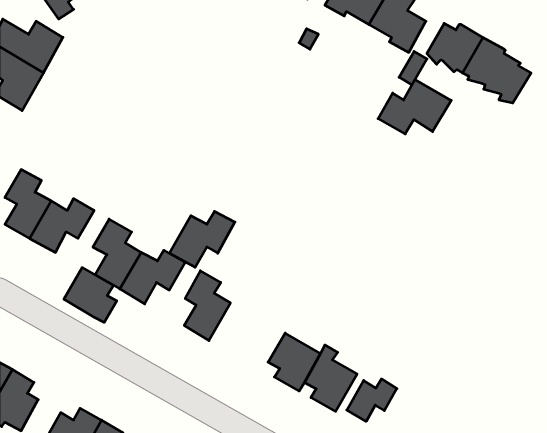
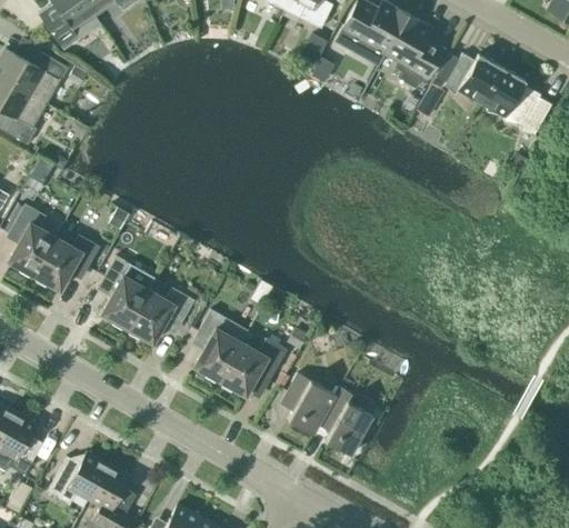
building: [378,80,451,134] -> none
building: [169,211,235,267] -> [218,338,286,396]
building: [64,268,117,322] -> none
building: [347,379,397,421] -> none

